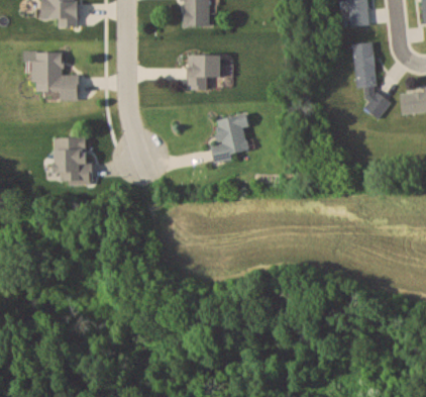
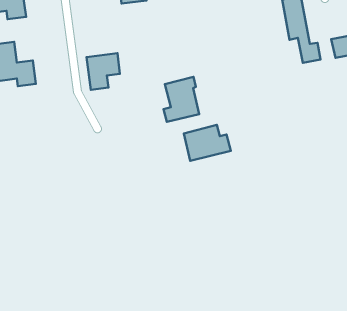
building: [188,54,221,89] -> [87,53,120,90]
building: [56,136,91,184] -> none
building: none -> [184,125,231,161]

